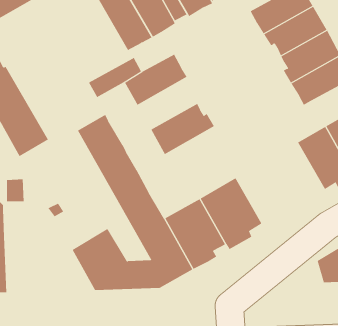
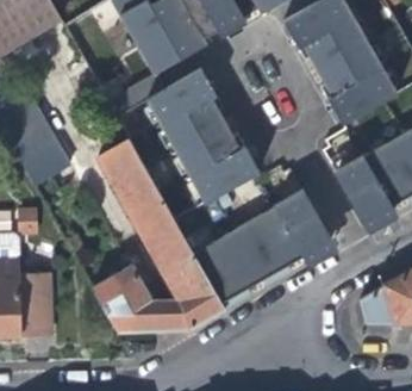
building: none -> [163,98,229,155]
building: none -> [193,151,262,206]
building: none -> [270,190,331,263]
building: none -> [19,272,51,333]

